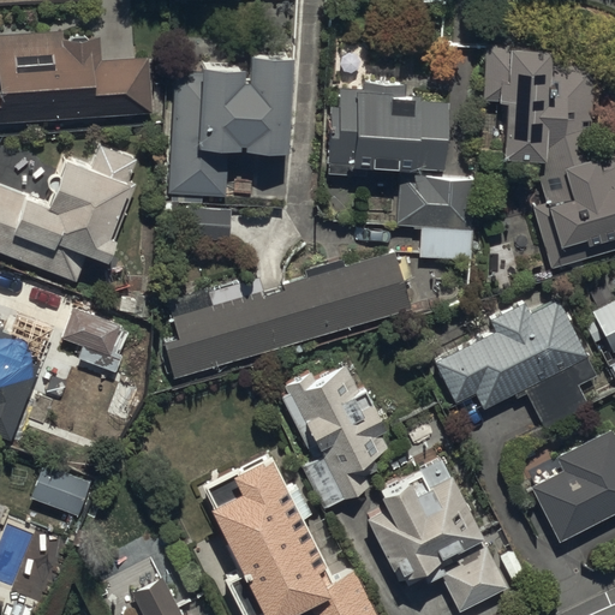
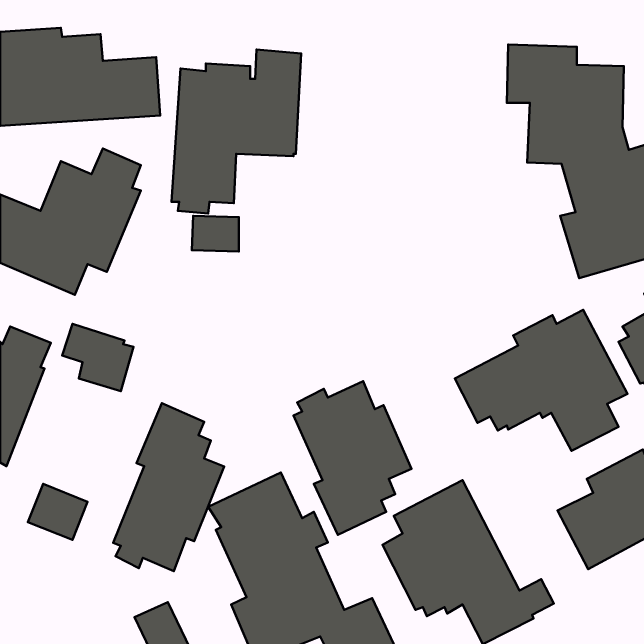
building: [329,84,476,261] -> none
building: [163,251,413,378] -> none
building: none -> [113,403,224,571]

